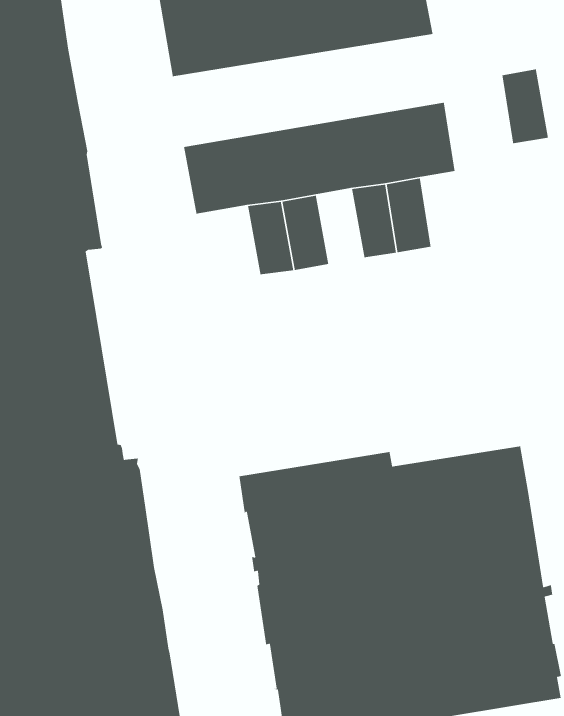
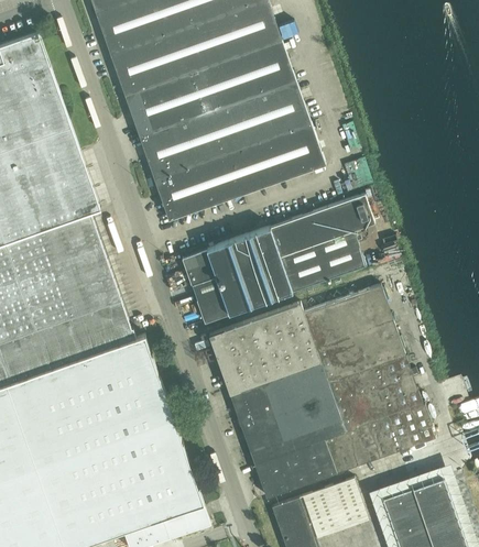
building: none -> [124,41,296,138]
building: [502,68,549,144] -> [290,123,326,173]
building: none -> [227,145,263,195]
building: none -> [154,167,200,220]
building: none -> [182,195,374,322]

